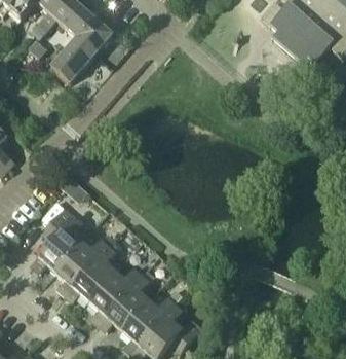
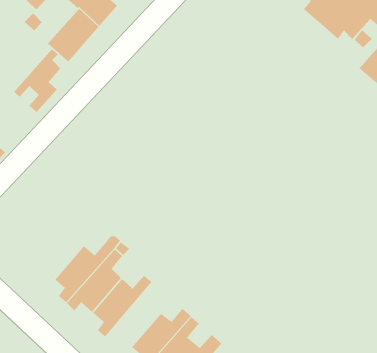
building: none -> [13,48,61,113]
building: [32,206,82,271] -> none
building: [100,273,149,329] -> none

